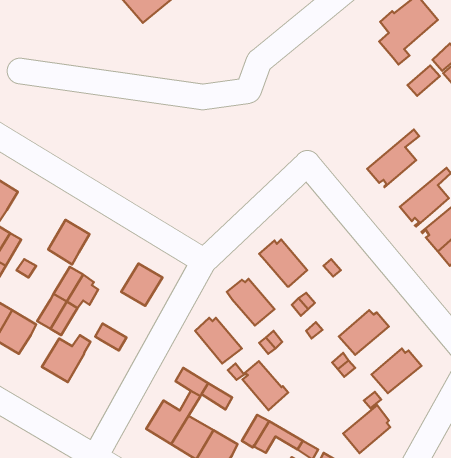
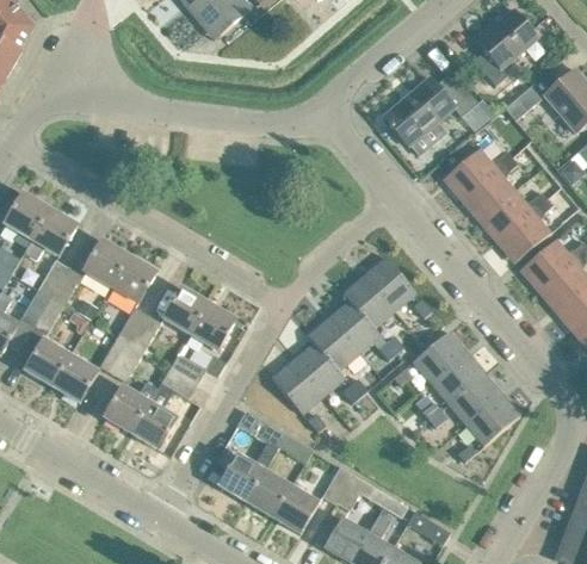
building: none -> [384,70,478,144]
building: none -> [443,148,512,199]
building: none -> [480,190,548,241]
building: none -> [82,238,130,287]
building: none -> [366,255,416,310]
building: none -> [162,285,210,334]
building: none -> [330,299,381,353]
building: none -> [412,330,463,383]
building: none -> [171,352,225,384]
building: none -> [132,402,178,448]
building: [242,361,288,410] -> [295,342,345,396]
building: [343,405,390,453] -> [447,372,499,424]

